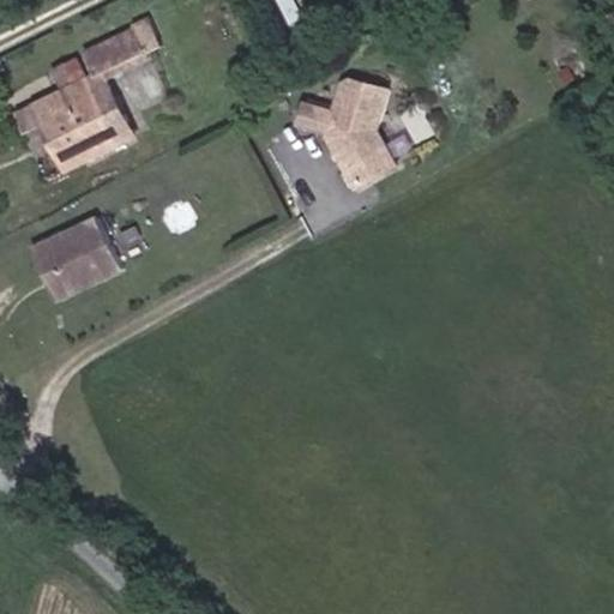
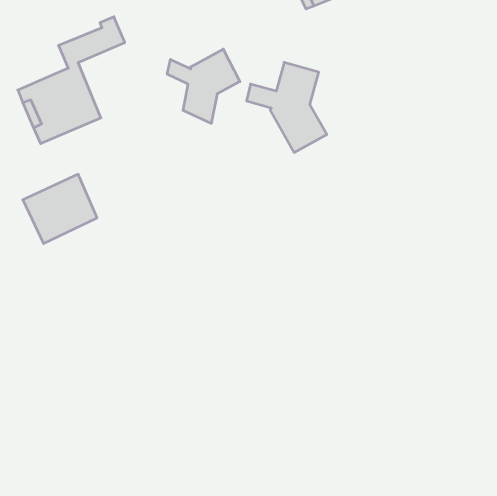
building: none -> [167,49,240,123]

